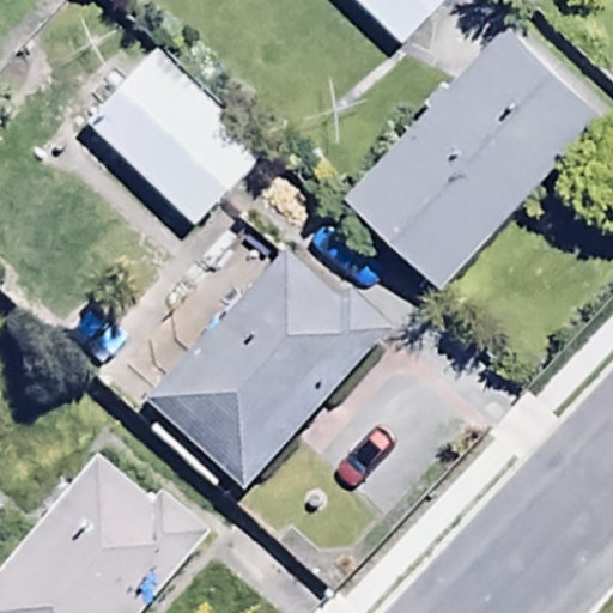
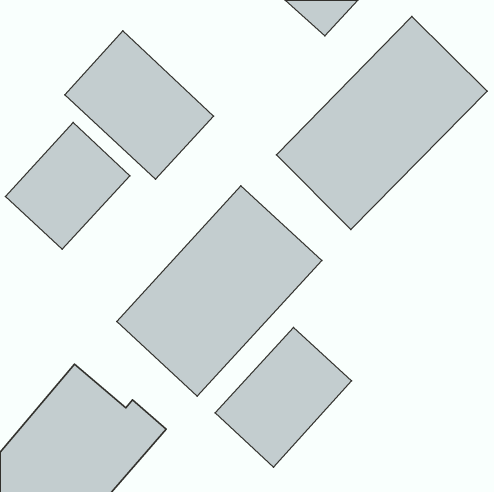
building: none -> [5,122,130,249]
building: none -> [215,327,351,467]

